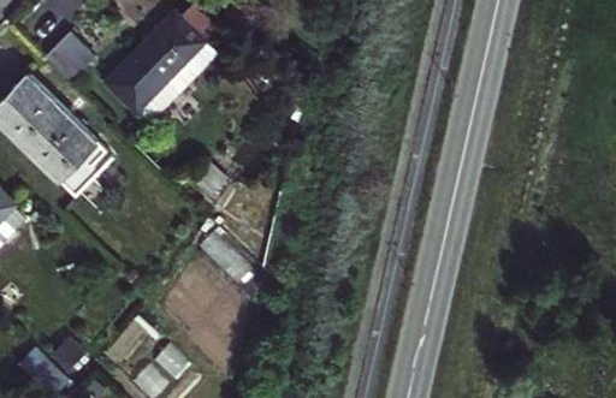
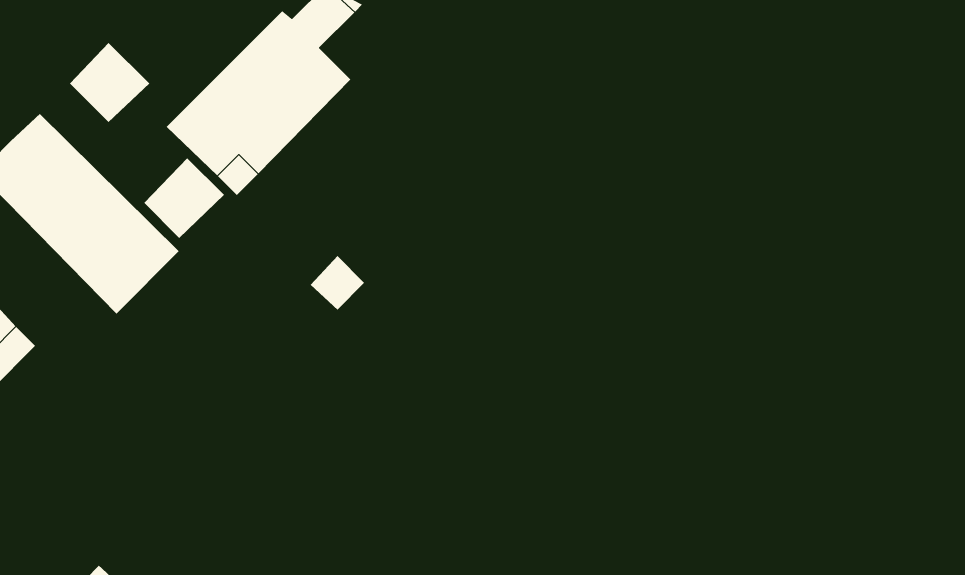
building: none -> [144,157,225,239]

